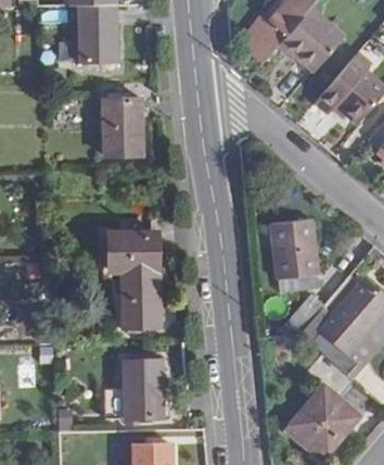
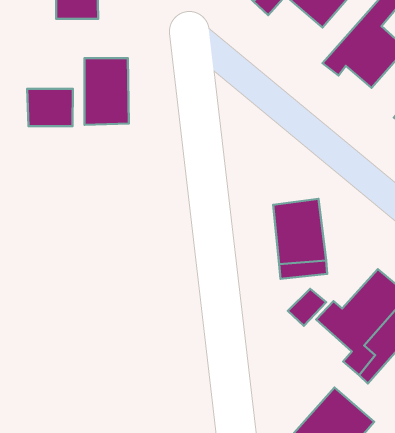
building: none -> [27,89,73,126]
building: [107,234,159,326] -> none
building: [102,360,161,419] -> none

